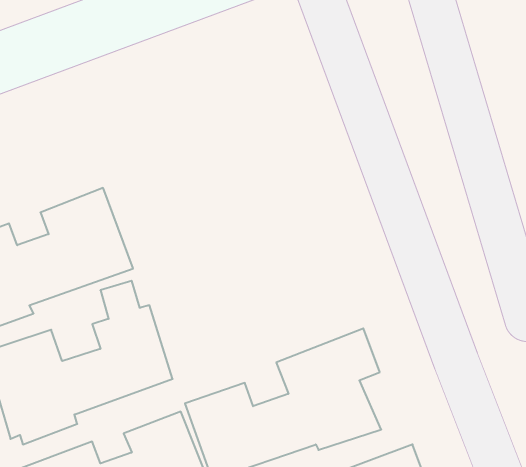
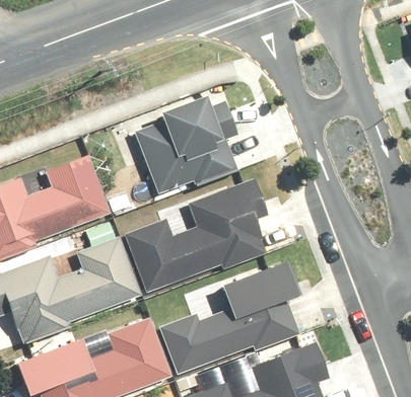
building: none -> [132,95,241,196]
building: none -> [124,178,269,291]

